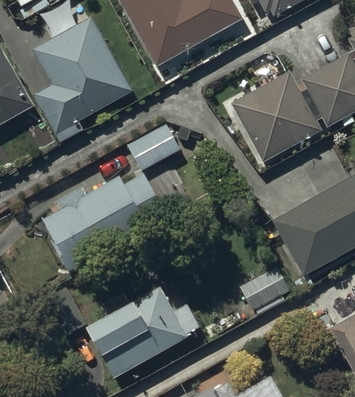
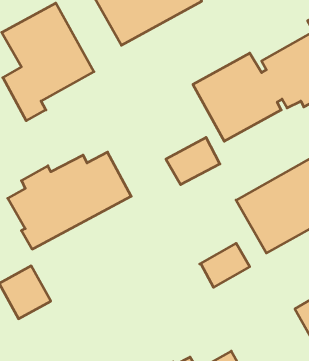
building: [126,123,181,171] -> [166,137,220,185]
building: [85,286,200,378] -> none

